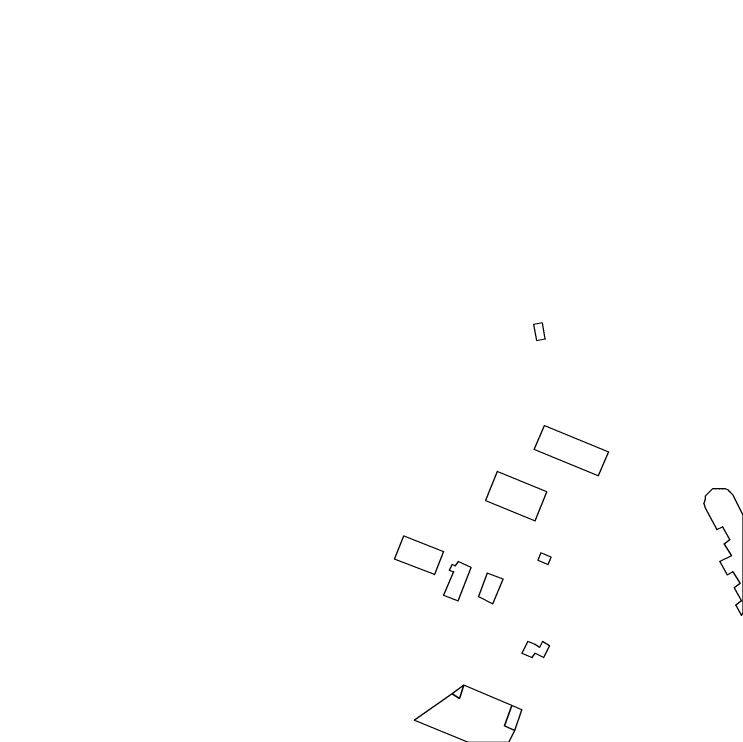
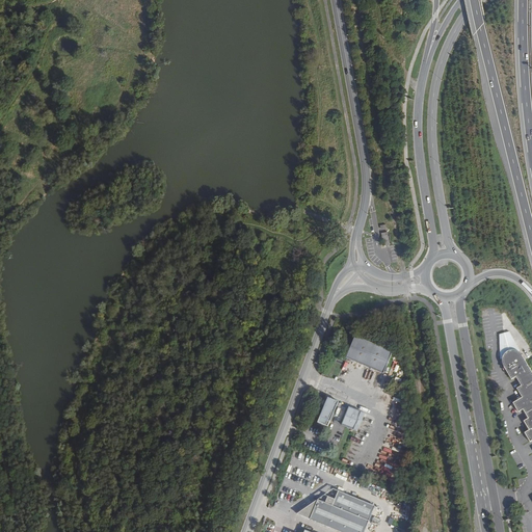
building: [534,426,608,476] -> none
building: [394,536,444,575] -> none

